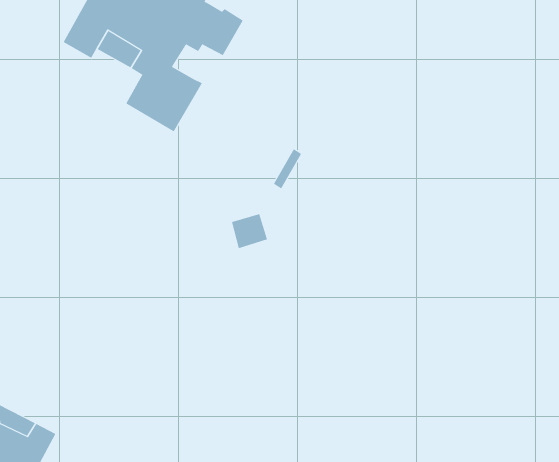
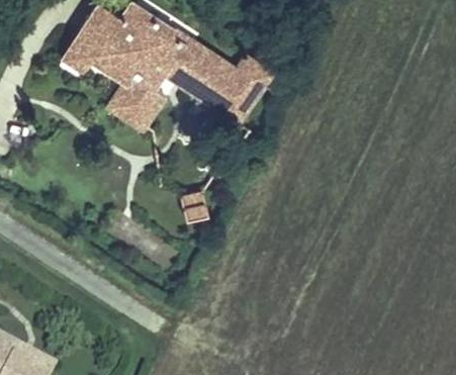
building: none -> [144,46,265,119]

